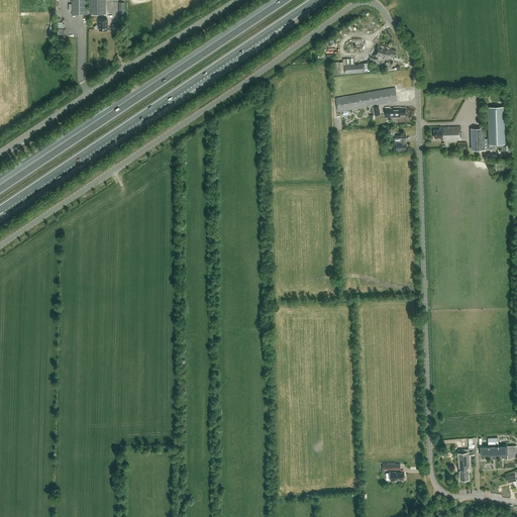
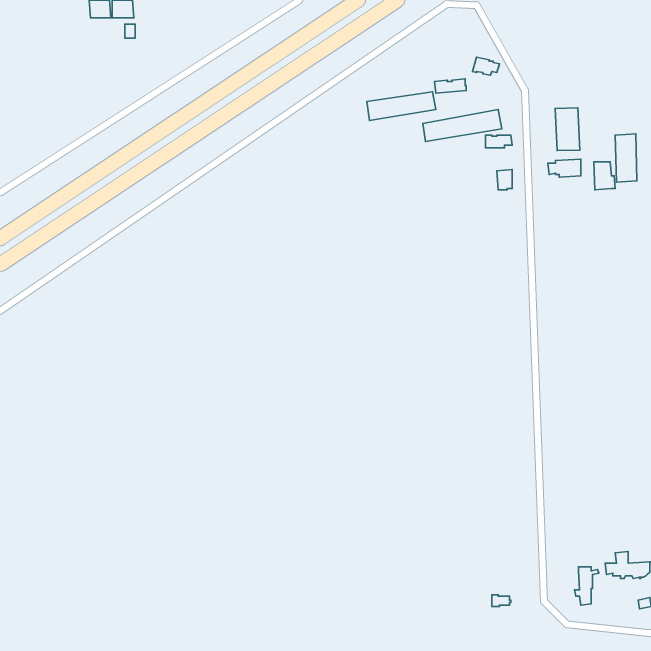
building: none -> [367,92,436,121]
building: none -> [555,108,580,150]

